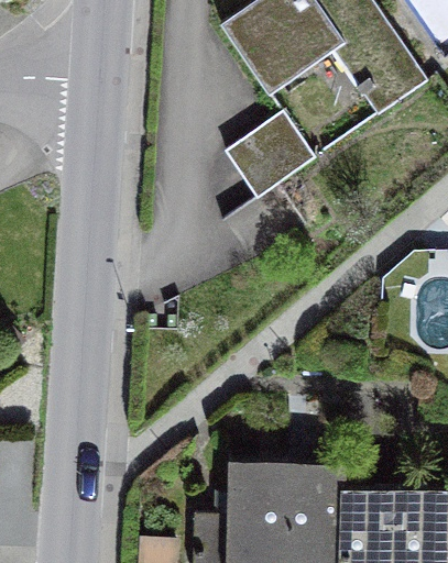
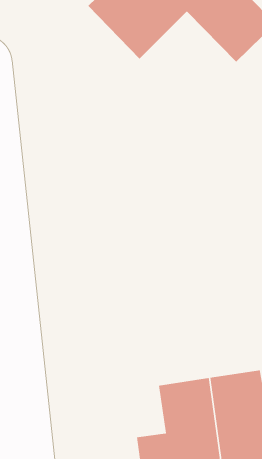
building: [225,113,314,198] -> none

